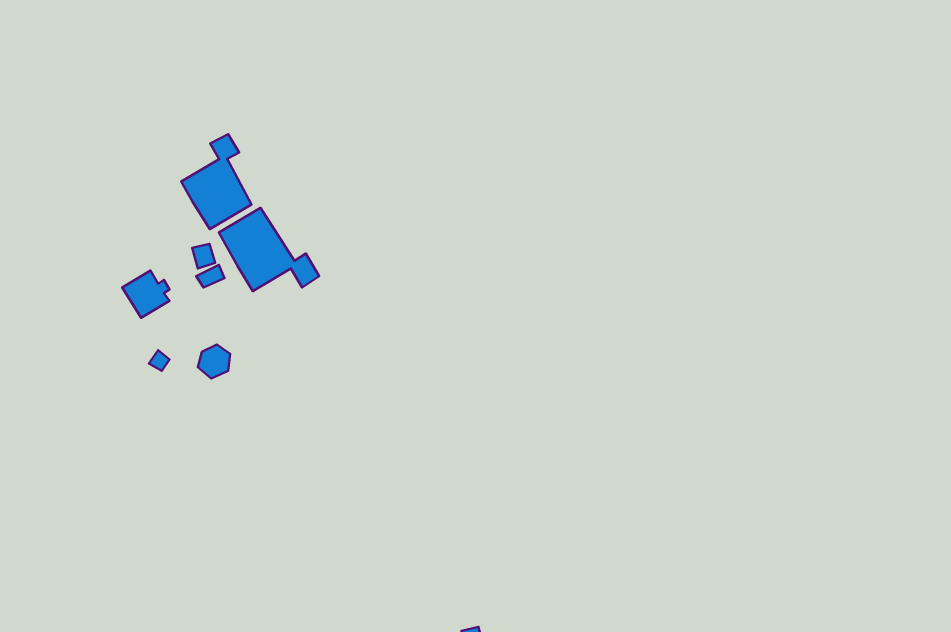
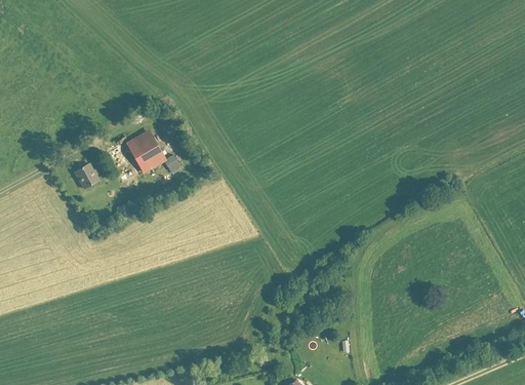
building: [181,134,251,229] -> none

